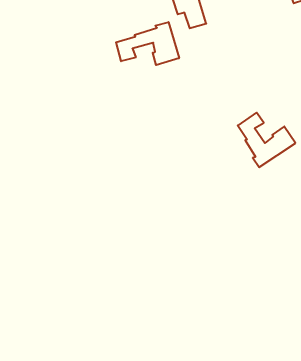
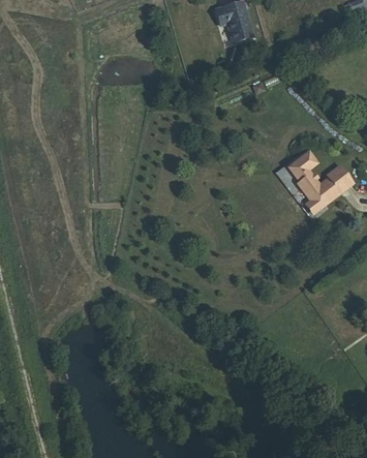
building: [116,22,179,65] -> none

